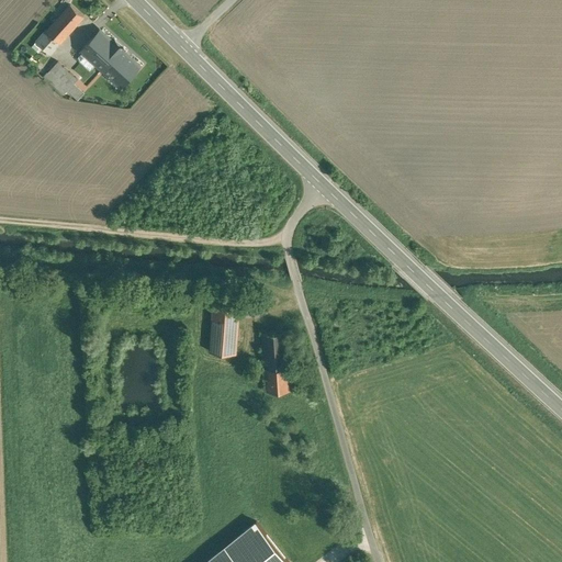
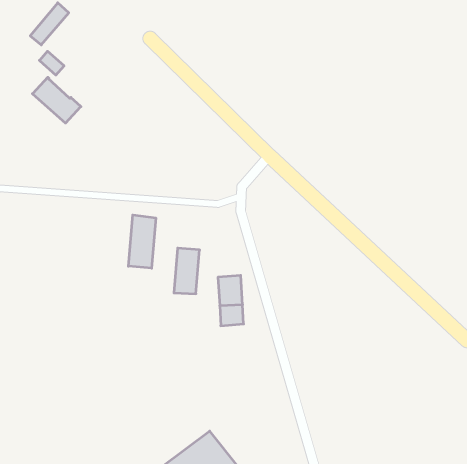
building: [81,34,139,89] -> [32,77,81,123]
building: none -> [128,215,156,268]

